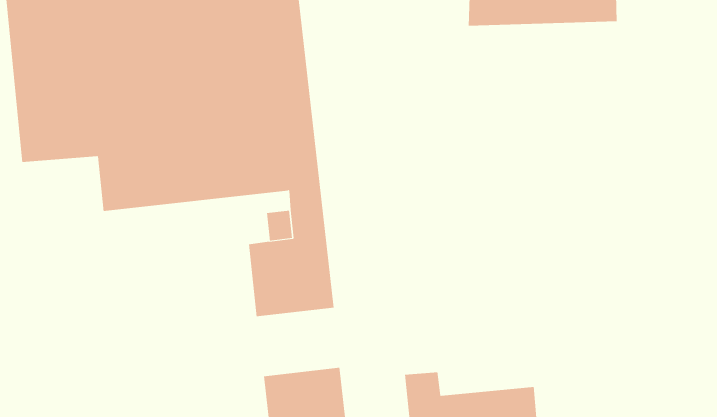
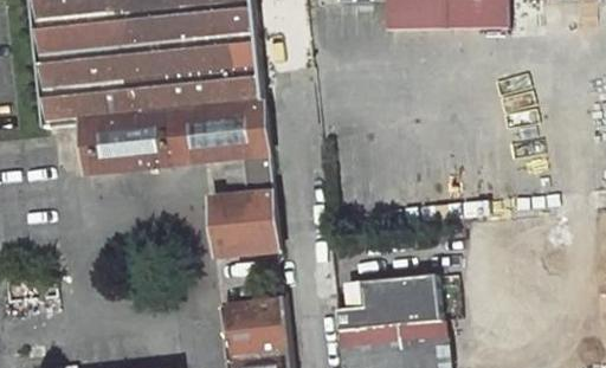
building: none -> [359,271,438,321]

